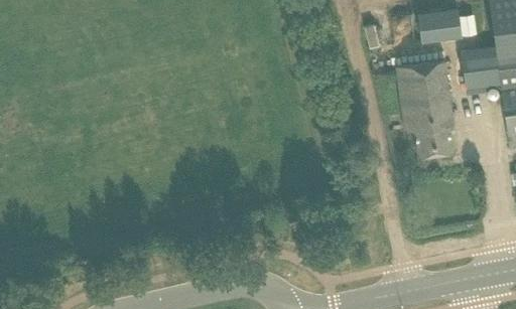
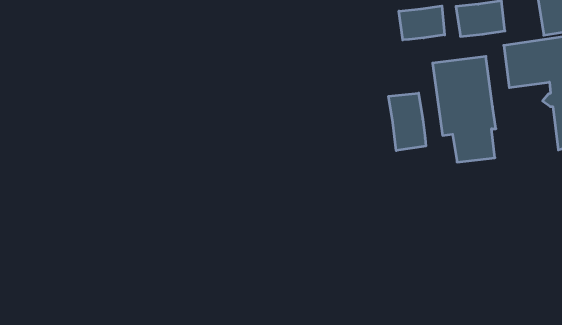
building: none -> [399,6,445,40]
building: none -> [389,93,426,151]

